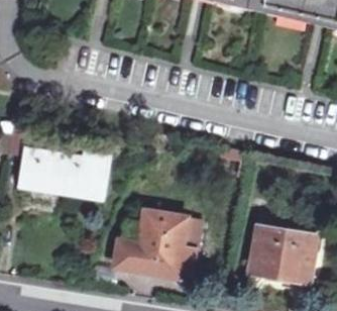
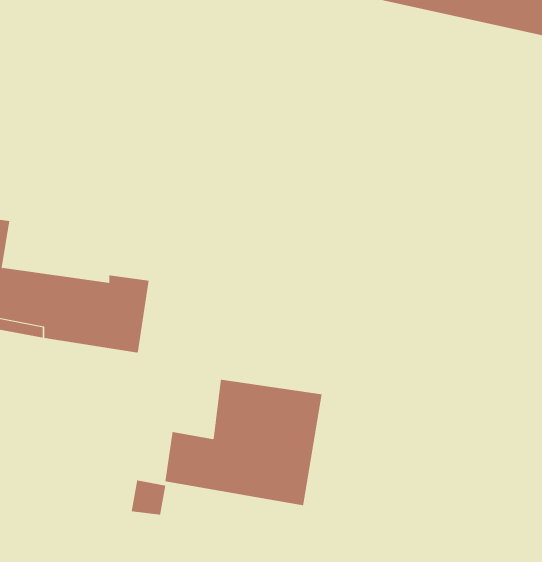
building: [250,226,315,286] -> none

